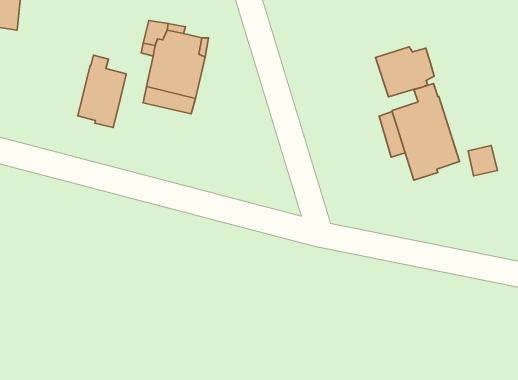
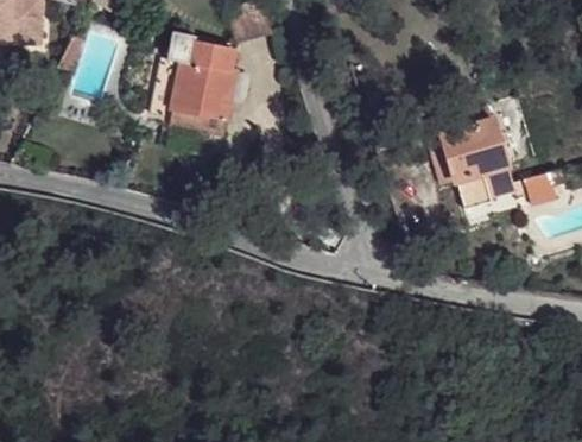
building: [376,47,434,97] -> none
building: [78,55,126,128] -> none

